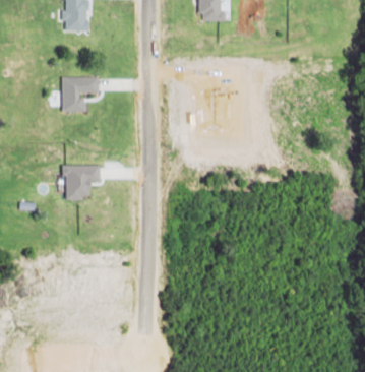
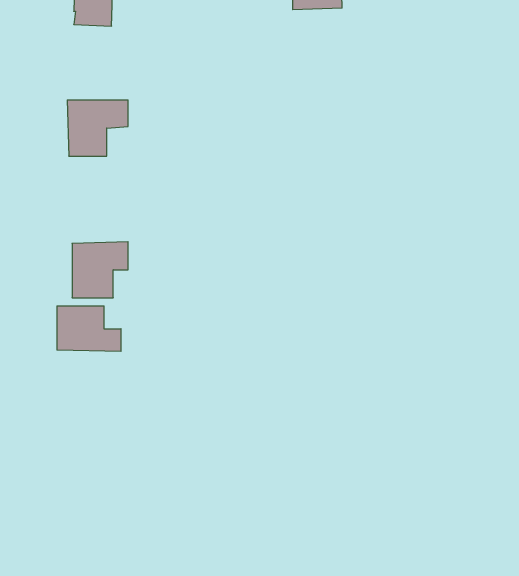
building: none -> [57,306,121,351]

